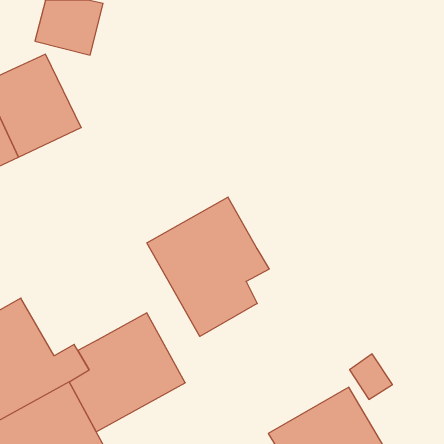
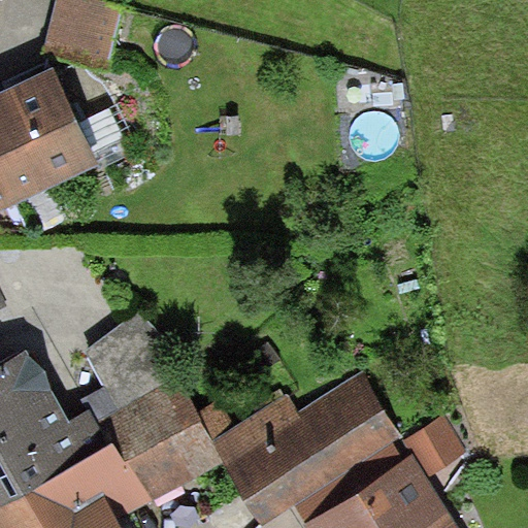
building: [147,197,269,336] -> none
building: none -> [85,316,173,404]
building: none -> [218,383,393,514]

